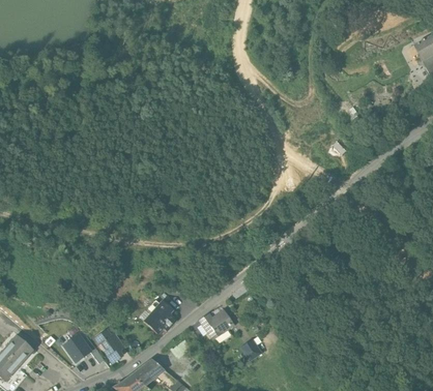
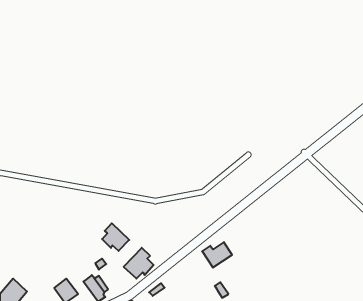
building: none -> [102,223,129,251]
building: [198,309,232,338] -> [202,242,232,268]

